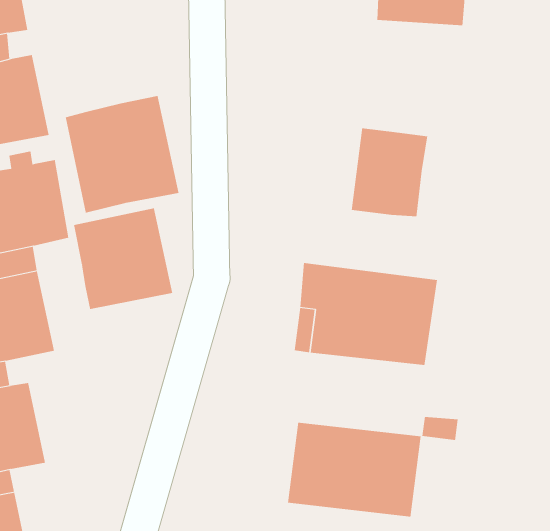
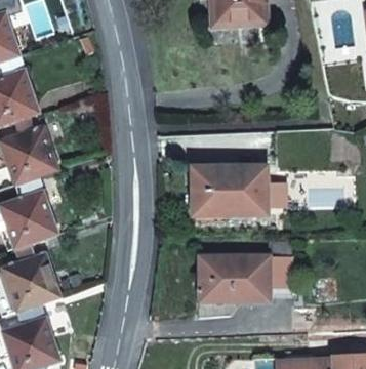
building: [65,95,179,213] -> none
building: [351,127,428,217] -> none
building: [74,207,173,310] -> none

